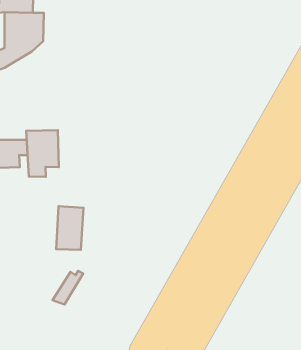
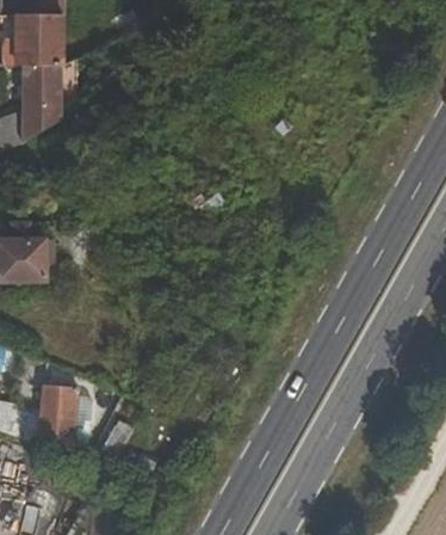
building: [26,130,59,177] -> none
building: [56,206,84,250] -> [37,385,75,445]

